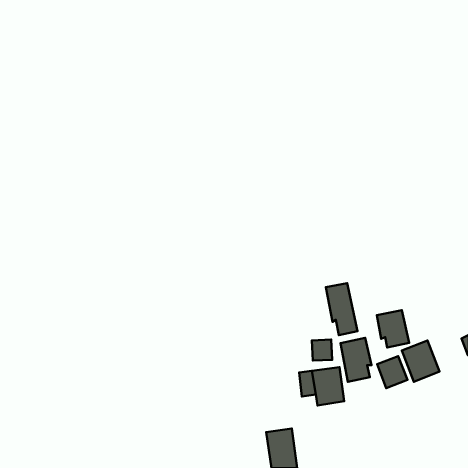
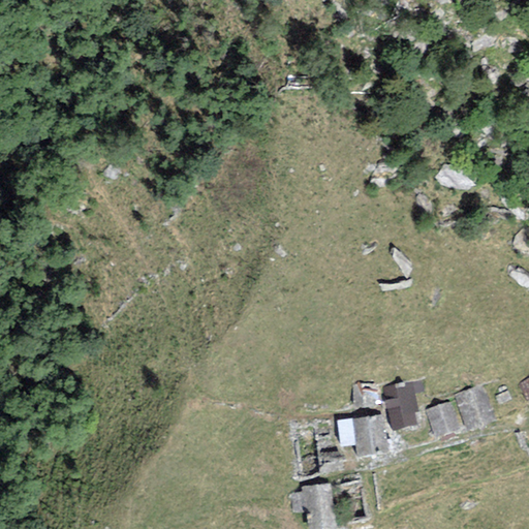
building: [326,283,358,335] -> none
building: [377,310,409,347] -> none

